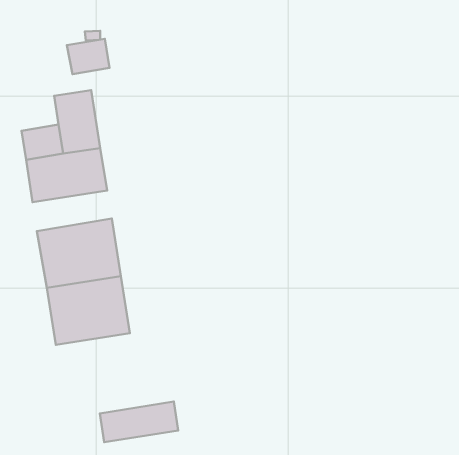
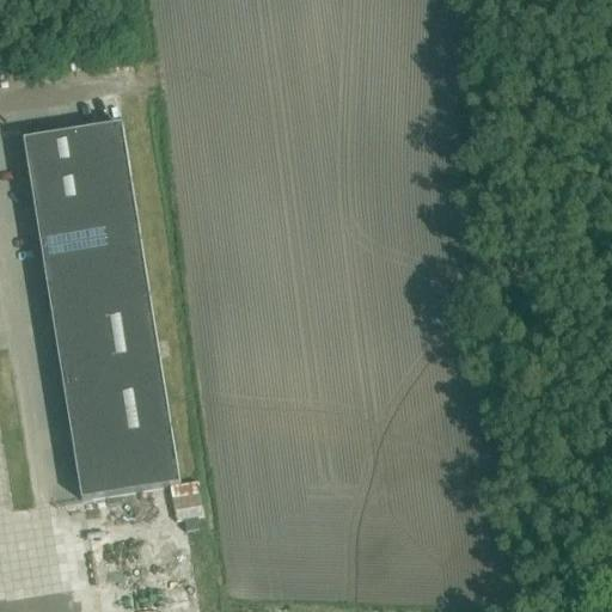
building: [67,39,109,74] -> [22,127,78,173]
building: none -> [43,252,148,306]
building: [100,402,178,442] -> [74,441,178,495]

